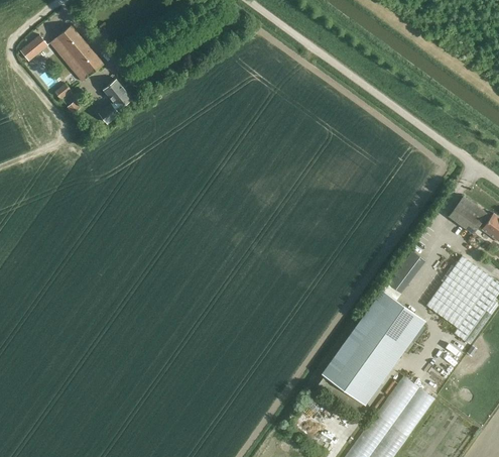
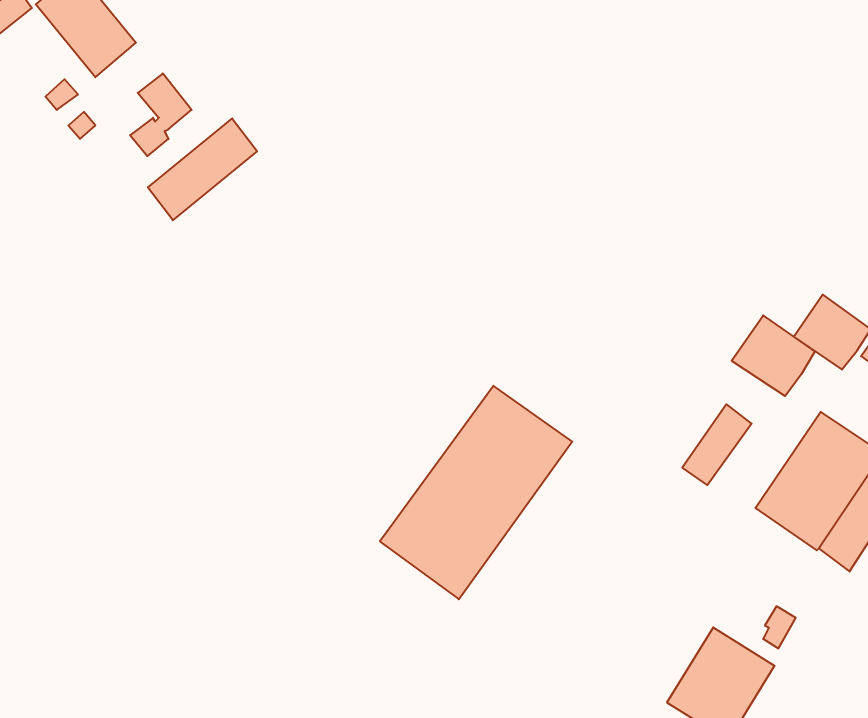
building: none -> [148,118,257,220]
building: none -> [732,315,815,396]
building: [323,291,423,403] -> [380,386,572,599]

